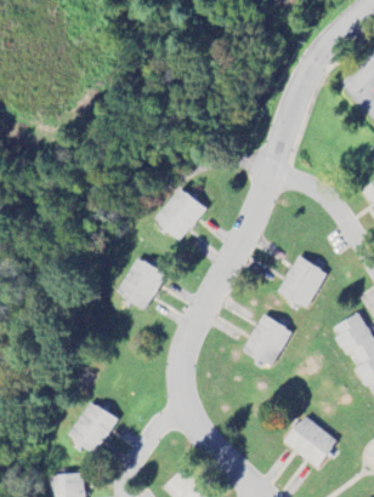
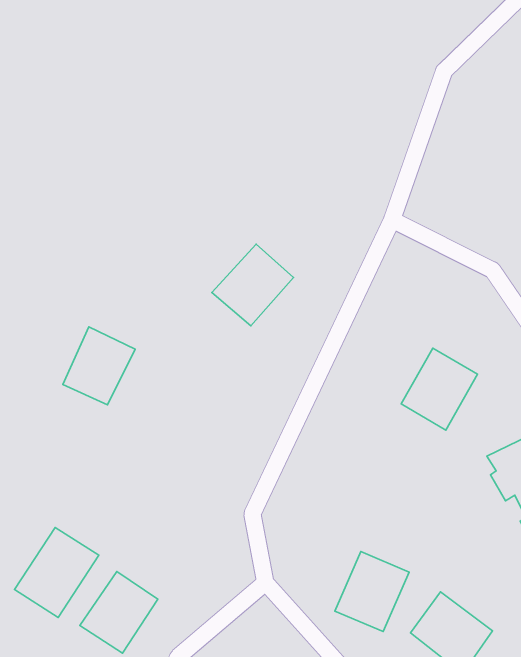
building: [119,258,166,309] -> [63,327,135,405]
building: [244,315,293,367] -> [335,552,409,632]
building: none -> [14,527,99,617]

